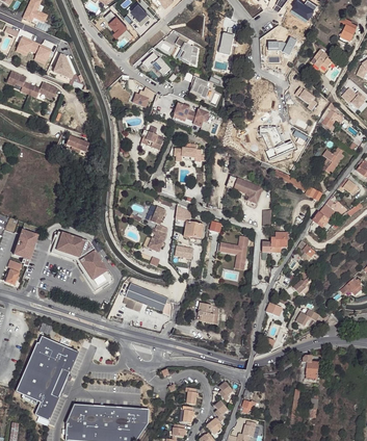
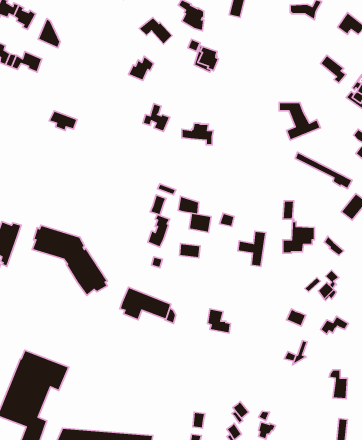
building: [173,104,208,127] -> none
building: [226,176,262,204] -> none

